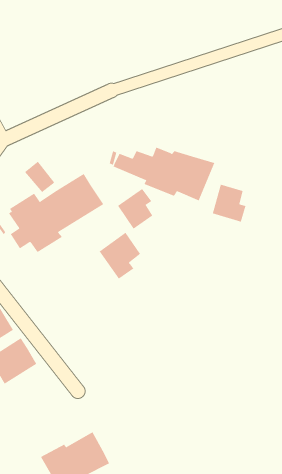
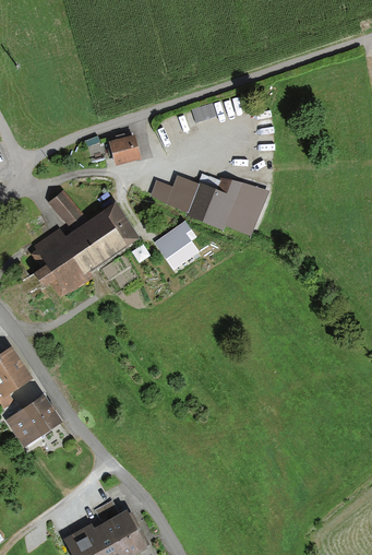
building: none -> [106,133,141,165]
building: [212,184,246,222] -> none
building: [99,232,141,280] -> none

